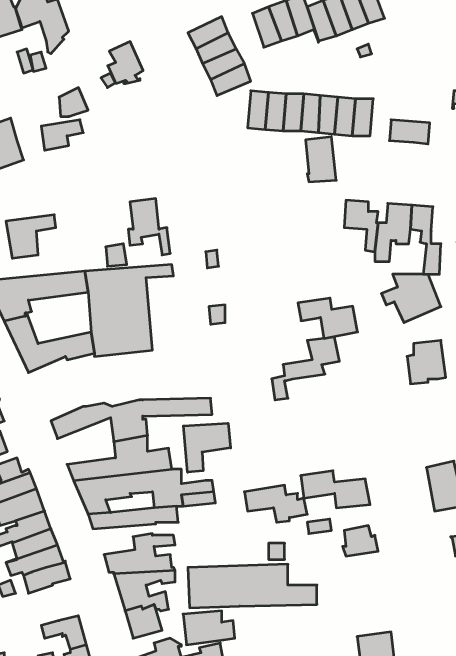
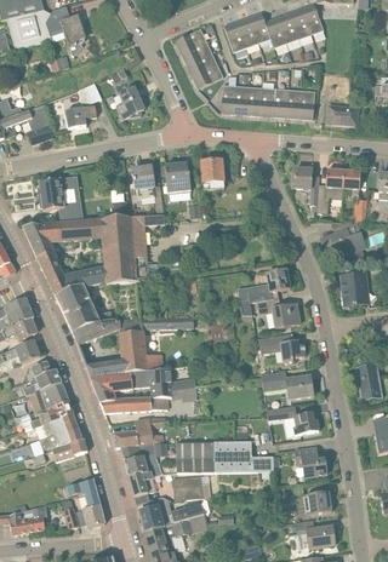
building: [108,42,143,83] -> [116,86,143,117]
building: [306,137,336,182] -> [201,154,224,188]
building: none -> [165,162,192,193]
building: [298,298,358,338] -> [255,297,299,327]
building: none -> [56,283,113,332]
building: [183,423,231,472] -> none
building: [244,485,307,522] -> [258,333,306,361]
building: none -> [295,446,326,476]

